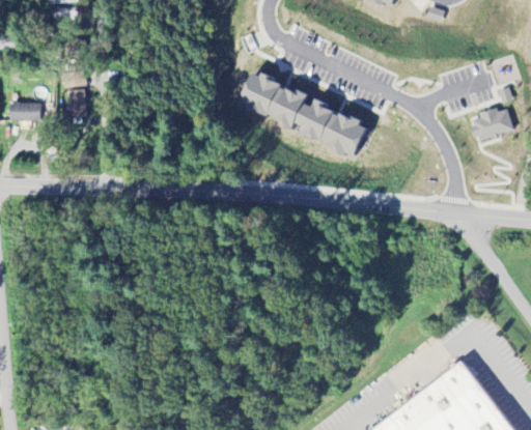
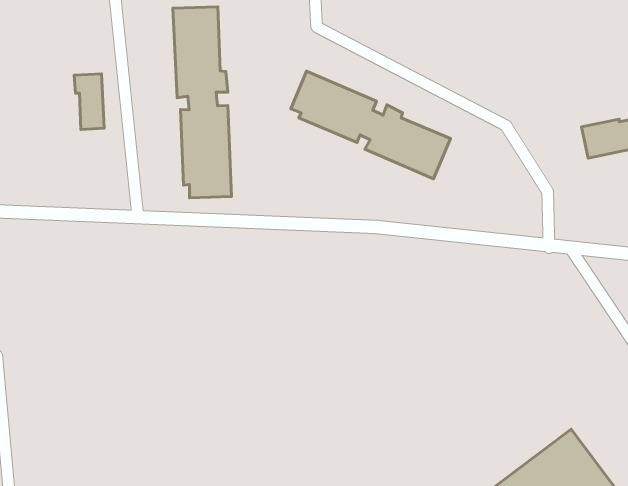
building: none -> [173,7,232,198]
building: [11,105,43,124] -> none

